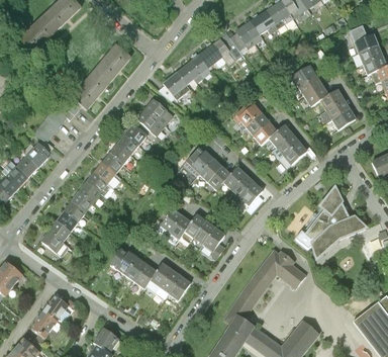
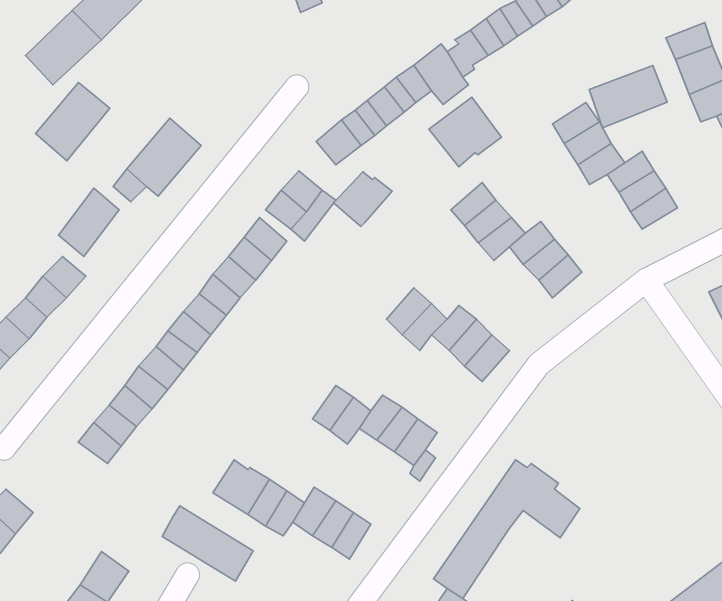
building: none -> [589,66,667,128]
building: [92,44,130,85] -> [36,83,110,161]
building: none -> [429,97,502,167]
building: [188,149,218,177] -> [334,172,392,226]
building: [303,186,366,259] -> none
building: none -> [162,506,253,581]

